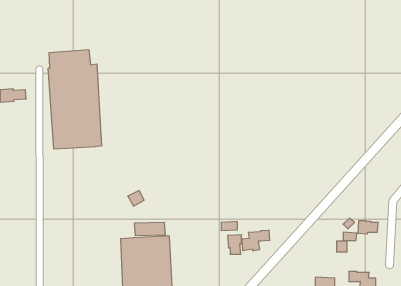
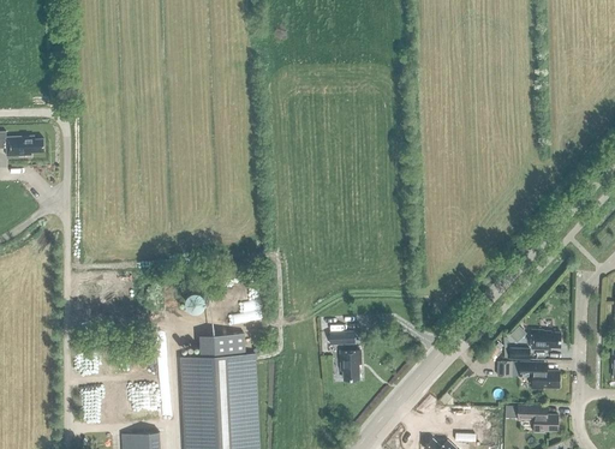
building: [48,50,102,149] -> none
building: [242,230,270,251] -> none
building: none -> [518,361,557,389]

